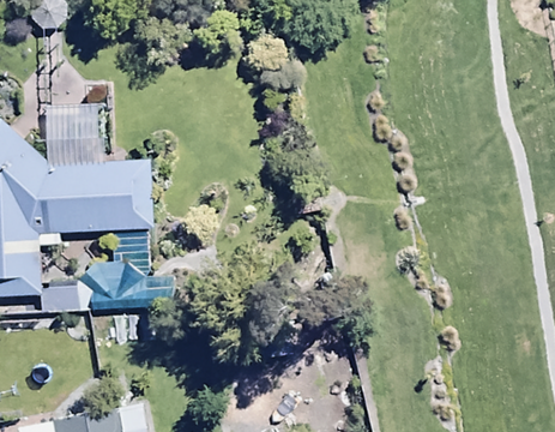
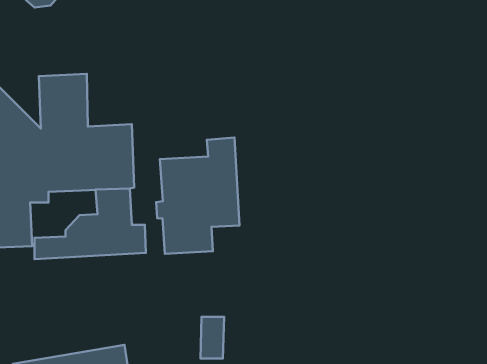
building: none -> [156,138,240,254]

